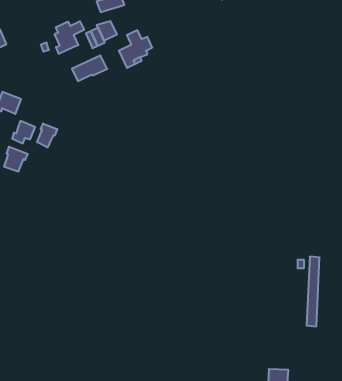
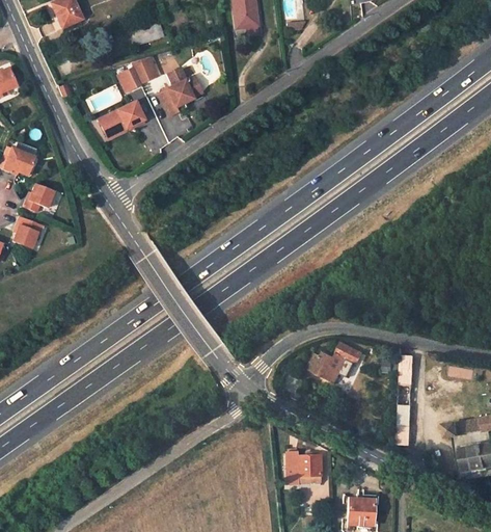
building: [55,21,84,54] -> none
building: [37,123,57,147] -> none
building: none -> [307,344,362,381]
building: none -> [287,453,320,483]

